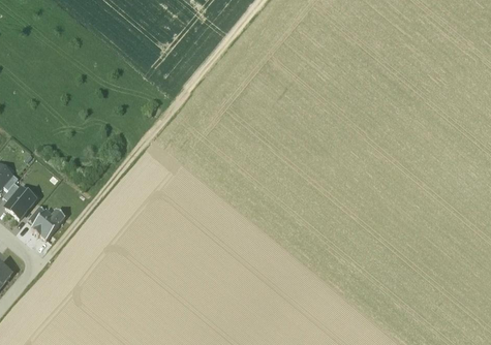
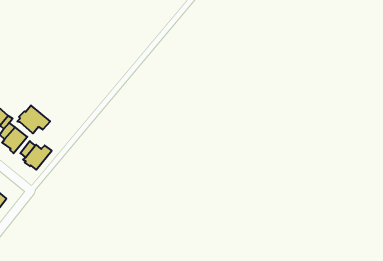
building: none -> [17,105,50,133]

